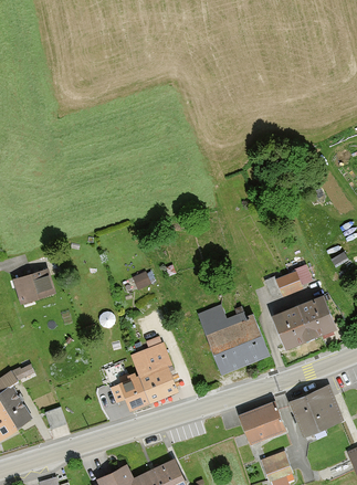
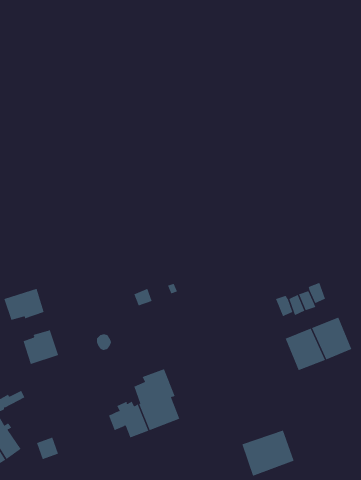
building: [199,306,269,372] -> none
building: none -> [23,330,59,365]
building: [283,390,337,433] -> none

